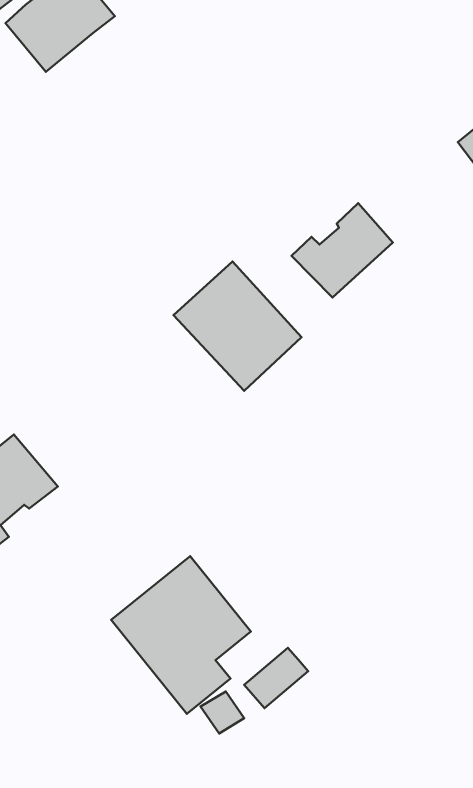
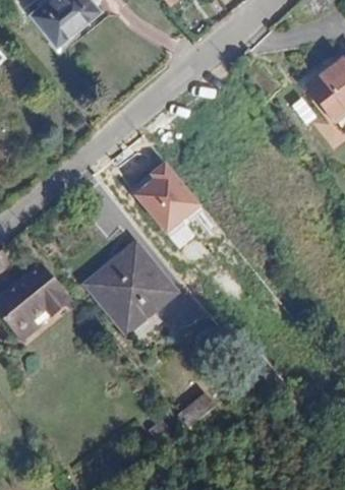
building: [292,203,393,298] -> none
building: [111,556,251,714] -> [84,245,169,341]

